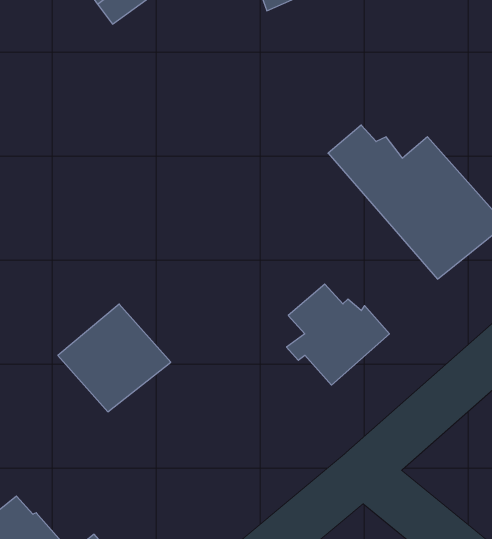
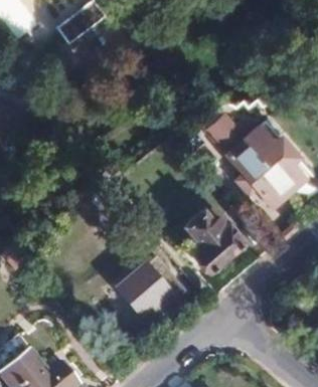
building: [58,304,171,412] -> [117,254,185,320]

